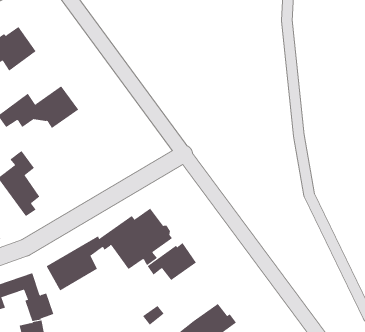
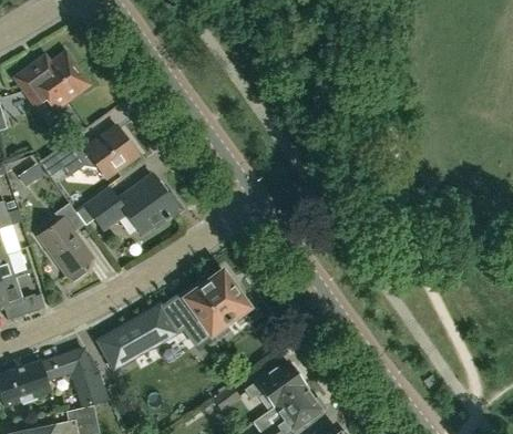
building: none -> [85,174,179,231]
building: [147,242,197,281] -> [245,360,305,406]

